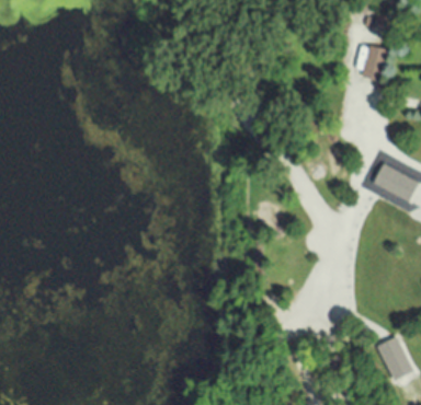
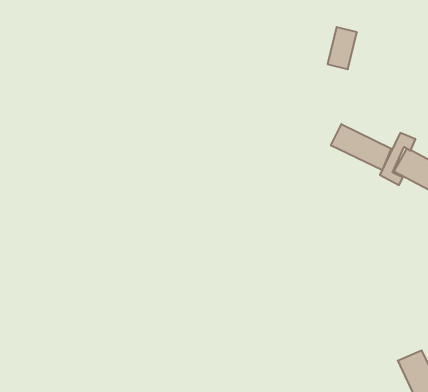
building: [362,44,387,80] -> [328,27,357,69]
building: none -> [331,124,391,170]

